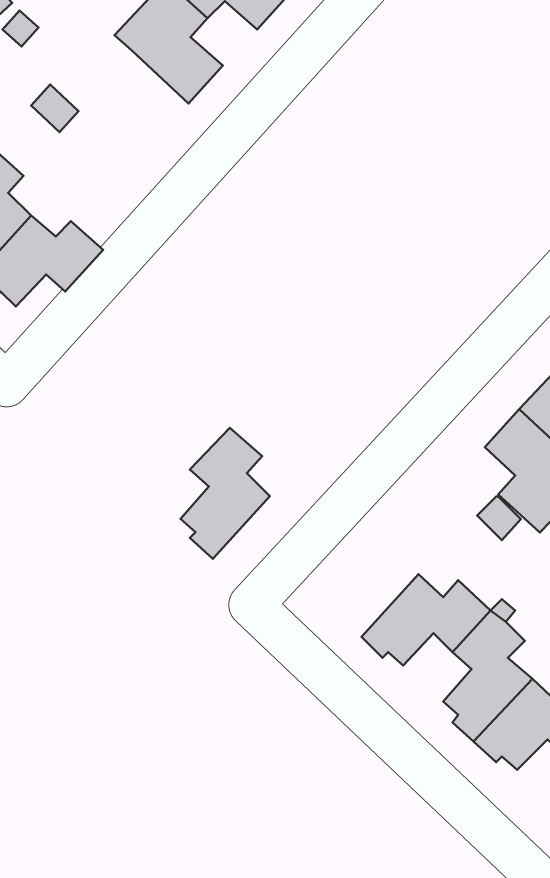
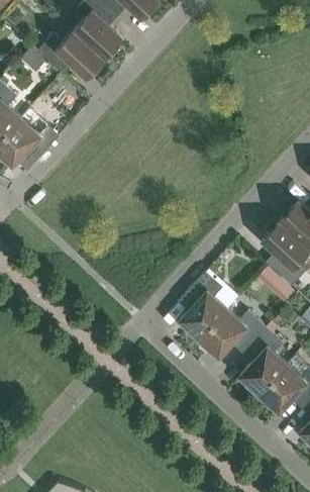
building: none -> [37,29,104,78]
building: [180,428,270,559] -> [179,272,226,341]

